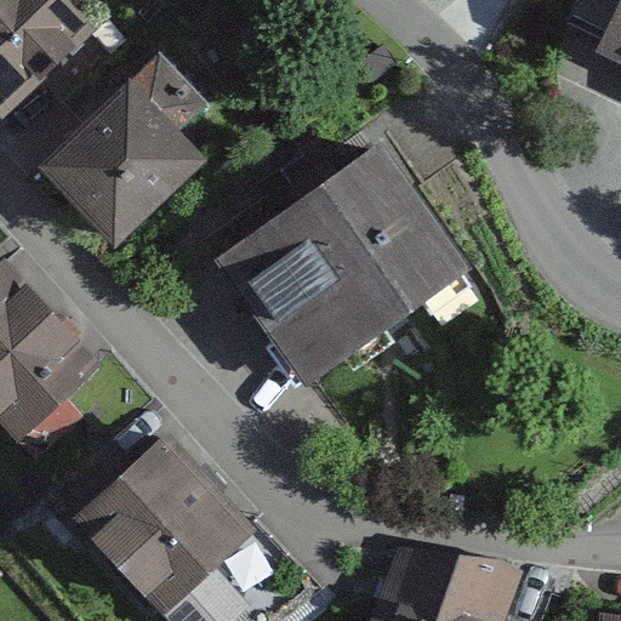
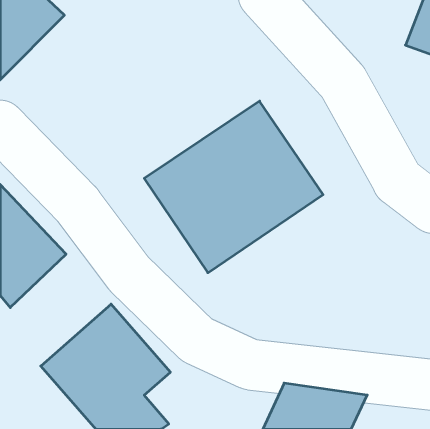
building: [40,50,213,246] -> none

